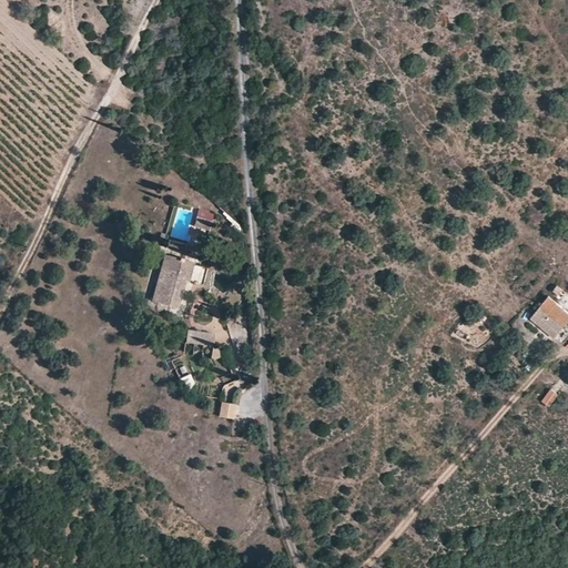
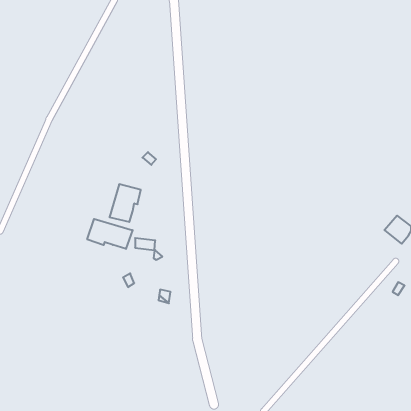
building: none -> [87,219,133,249]

